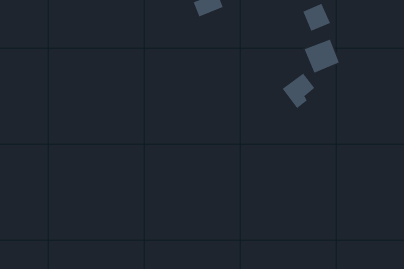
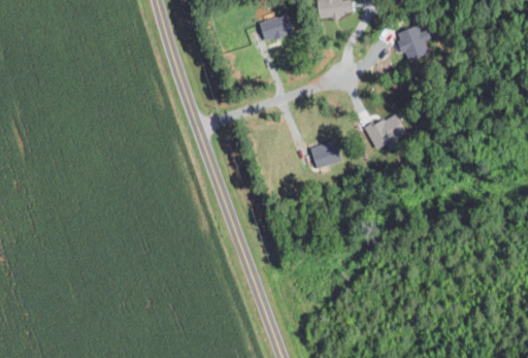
building: [304,39,340,74] -> none
building: none -> [311,141,341,168]

